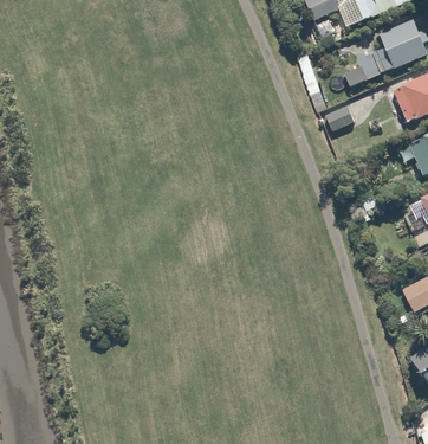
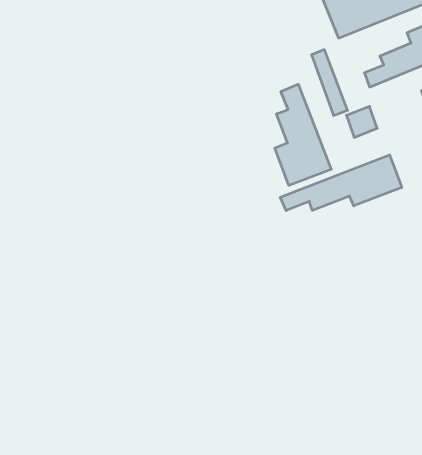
building: none -> [275,84,331,185]
building: none -> [280,155,402,211]

